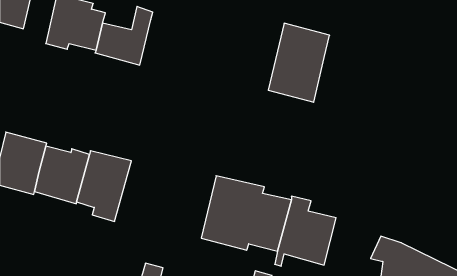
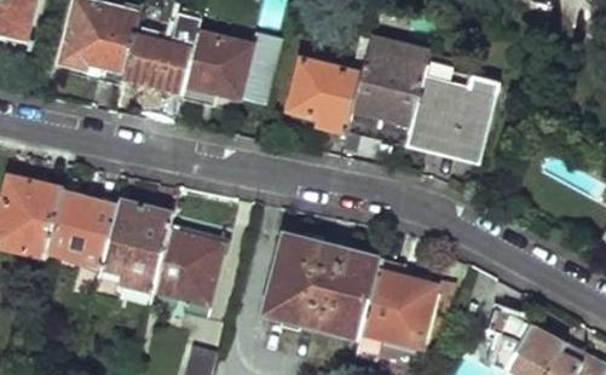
building: none -> [181,31,253,102]
building: none -> [287,58,362,132]
building: none -> [409,80,498,154]
building: none -> [150,232,224,311]

